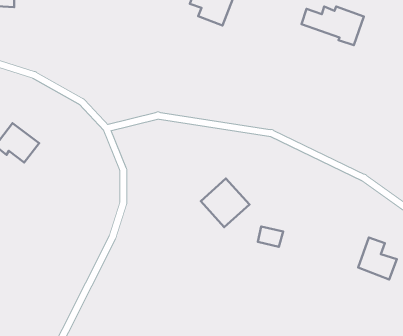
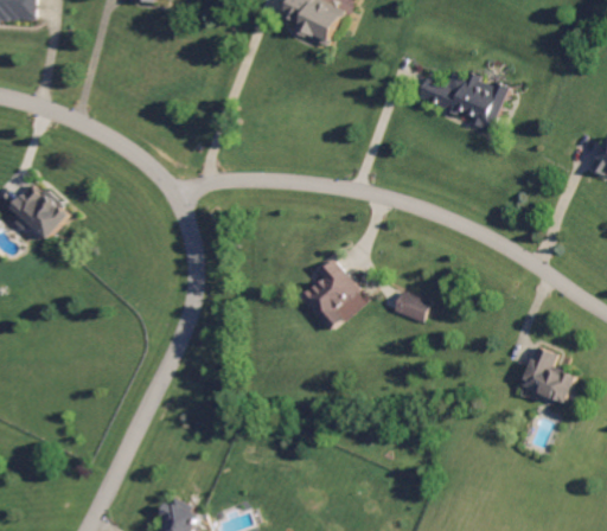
building: [302,6,364,45] -> [418,73,506,128]
building: [258,227,283,247] -> [392,293,428,321]

